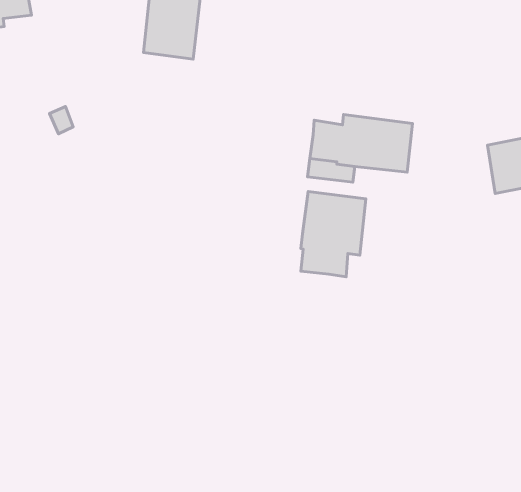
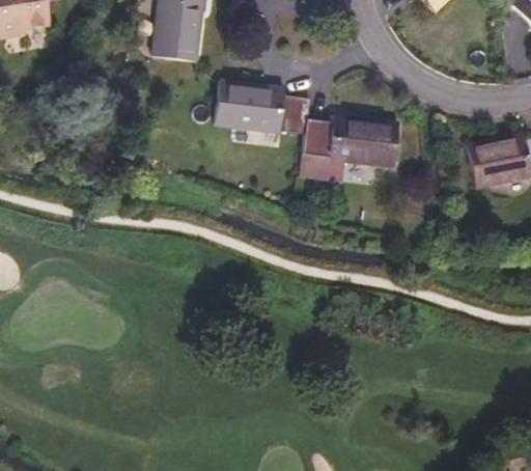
building: none -> [215,81,311,134]
building: [301,192,366,277] -> none

